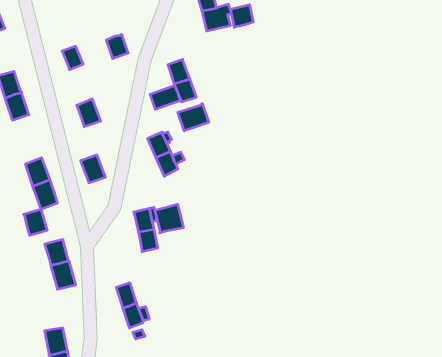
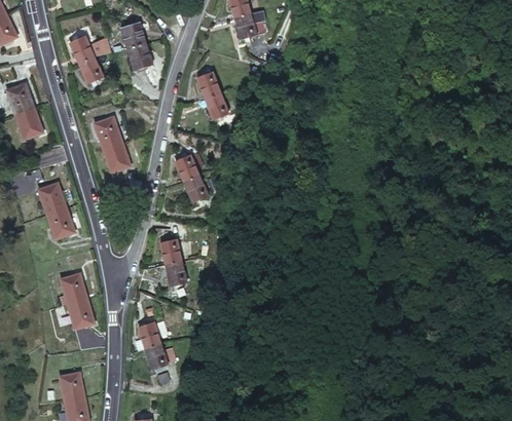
building: [230,5,253,27] -> none
building: none -> [120,21,145,50]
building: none -> [70,36,111,63]
building: [150,86,180,109] -> none
building: [178,104,209,131] -> none
building: [81,155,105,183] -> [103,141,131,171]
building: [155,204,183,233] -> none
building: [24,209,47,235] -> none

